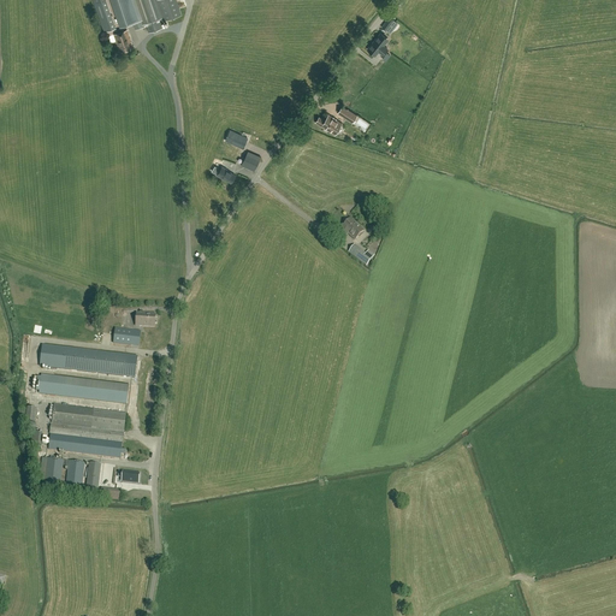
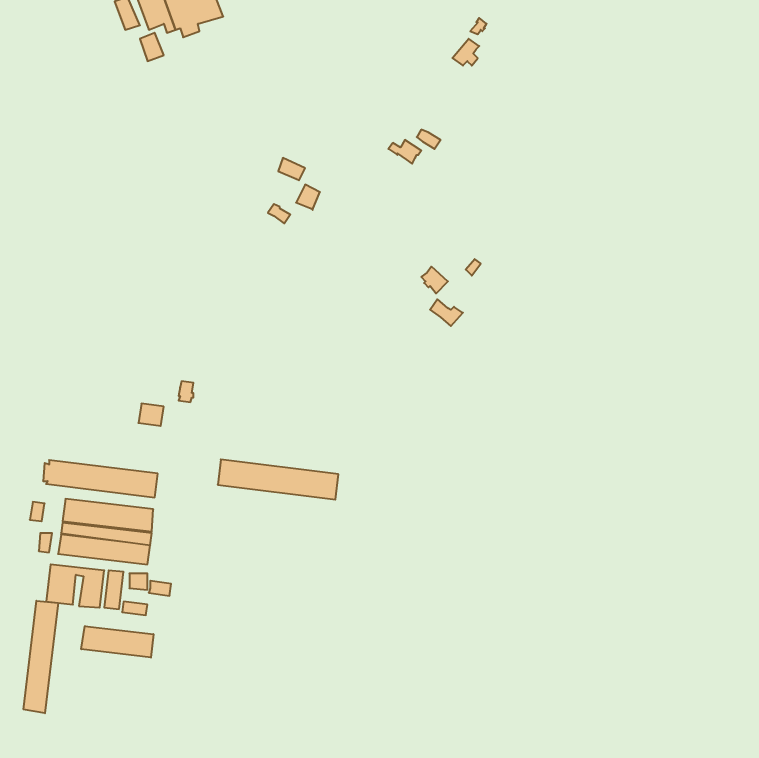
building: [38,343,136,375] -> [218,459,338,500]
building: none -> [24,601,58,713]
building: none -> [81,626,153,658]

